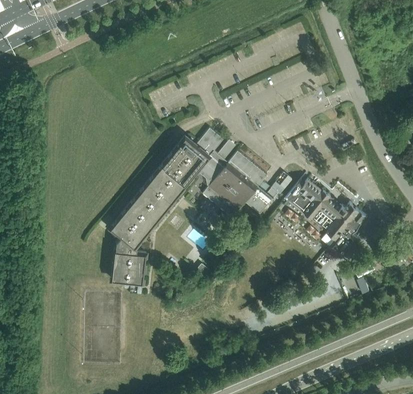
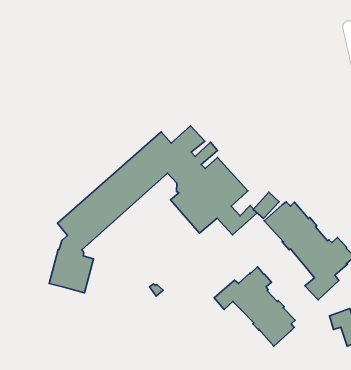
building: none -> [214,267,295,346]

